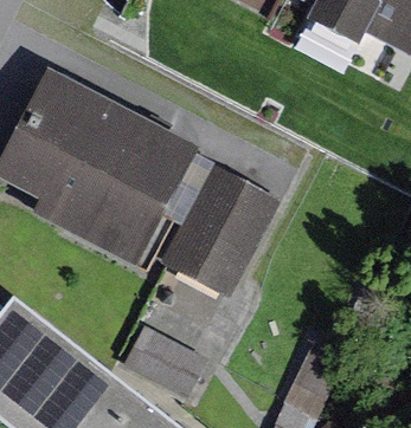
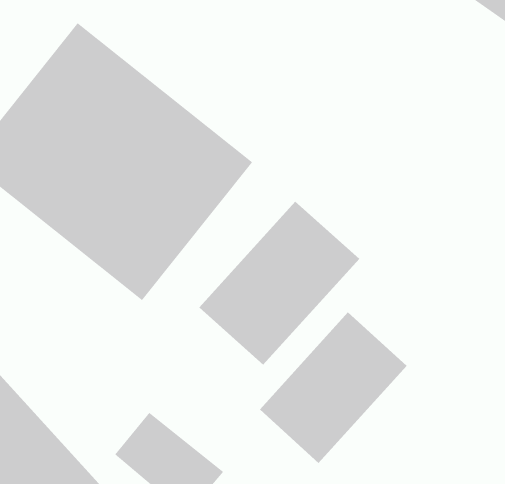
building: none -> [259,312,407,464]

